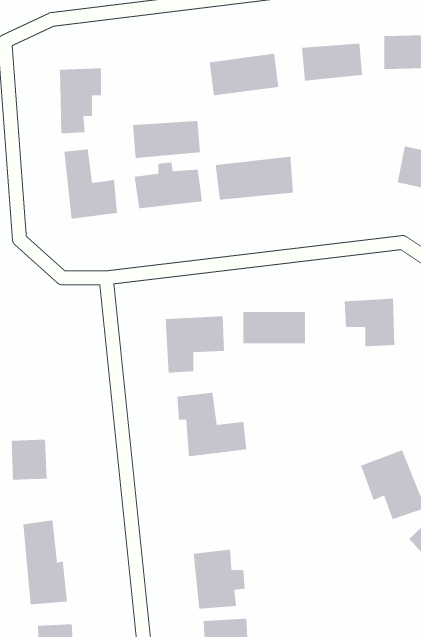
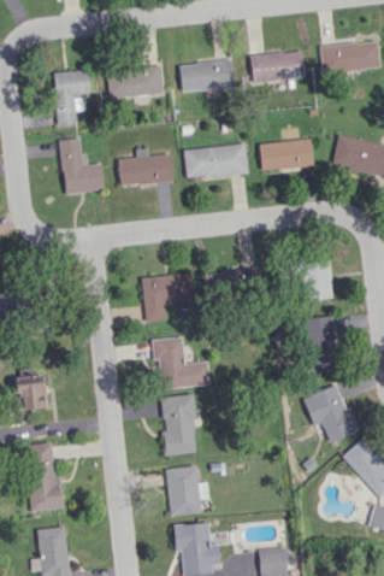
building: [132,120,201,159] -> [107,67,164,99]
building: none -> [259,139,315,171]
building: none -> [305,317,335,371]
building: none -> [161,395,195,455]

